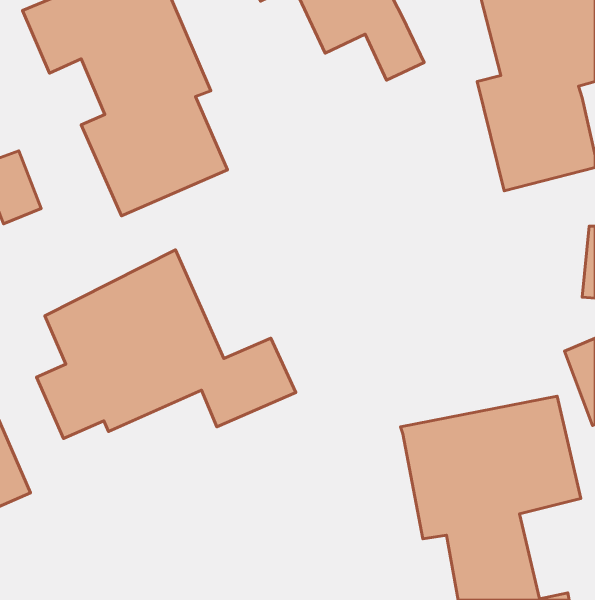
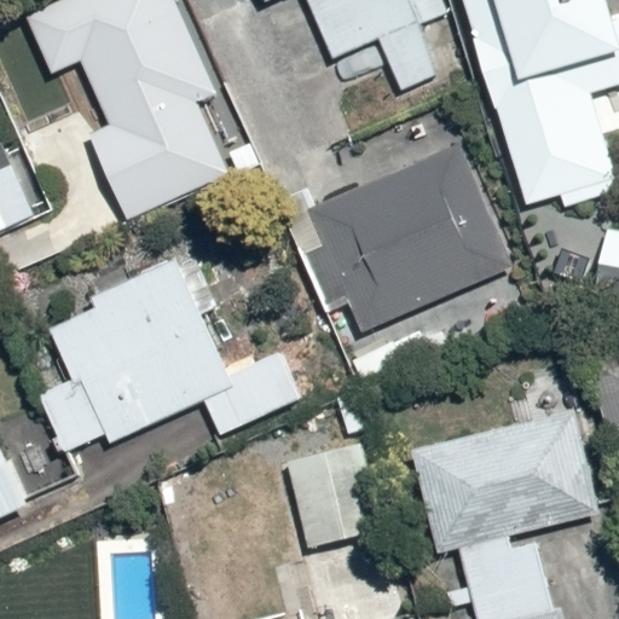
building: none -> [294,149,510,383]
building: none -> [288,446,369,546]

